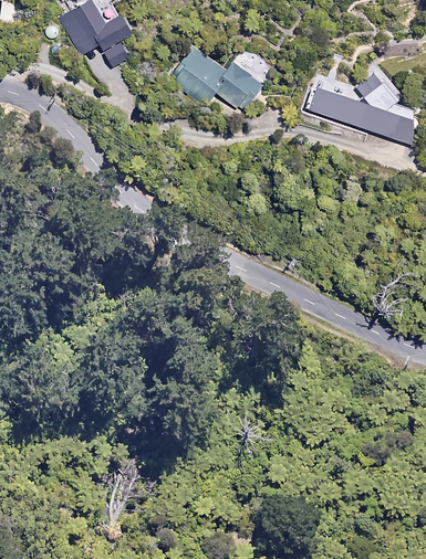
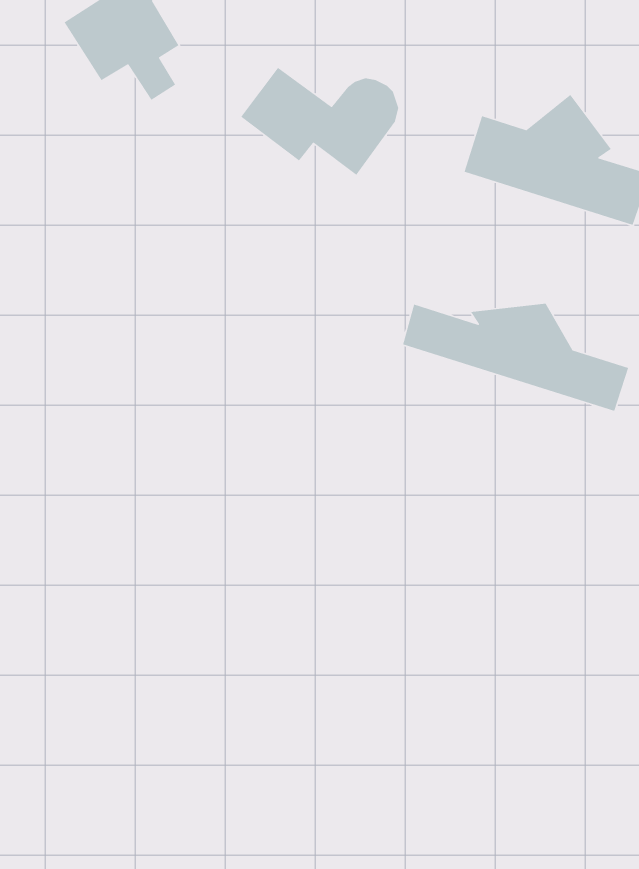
building: none -> [402,303,629,412]

